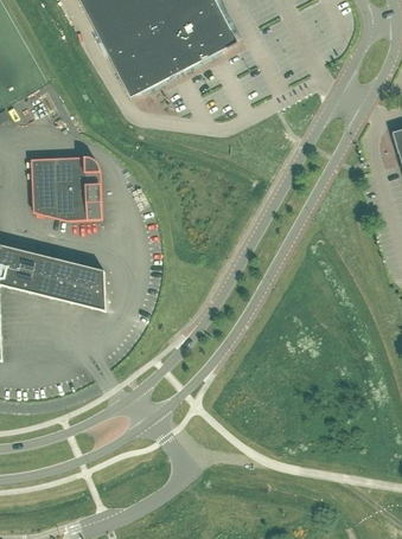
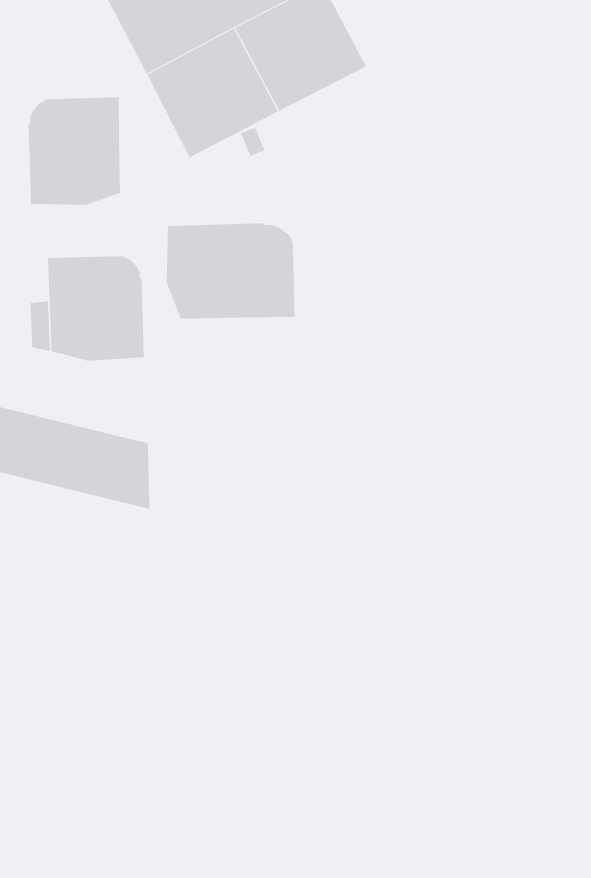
building: none -> [28,97,121,205]
building: none -> [166,223,295,319]

